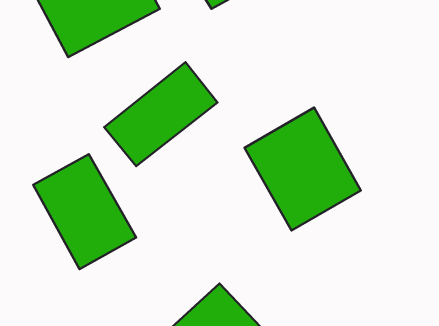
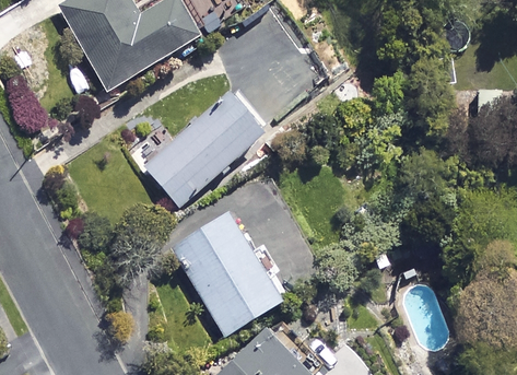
building: [245,108,361,231] -> none
building: [33,154,136,269] -> [173,212,282,335]

